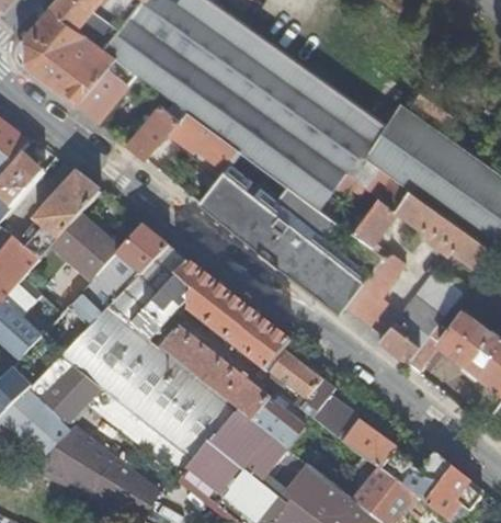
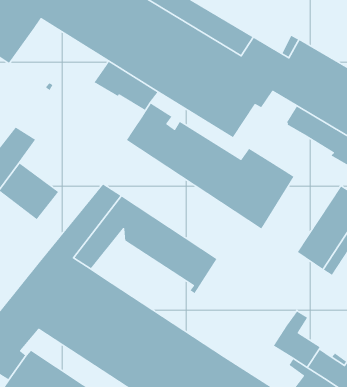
building: [76,67,127,121] -> none
building: [125,103,182,159] -> none
building: [352,197,399,248] -> none
building: [69,226,169,327] -> none
building: [344,250,405,326] -> none
building: [159,328,305,450] -> none
building: [259,350,360,442] -> none

